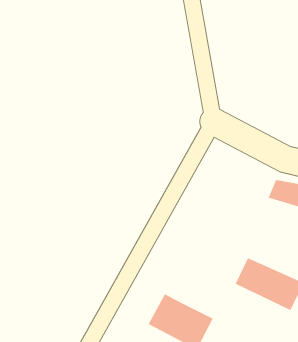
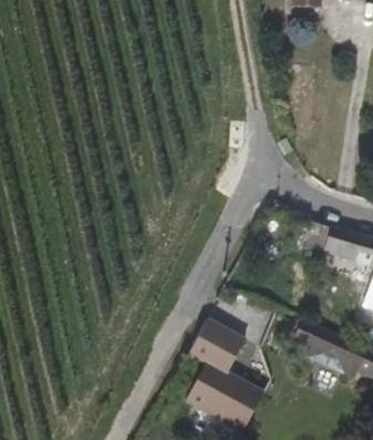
building: none -> [189,319,246,373]

